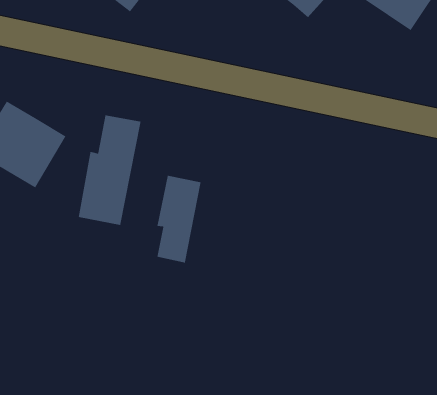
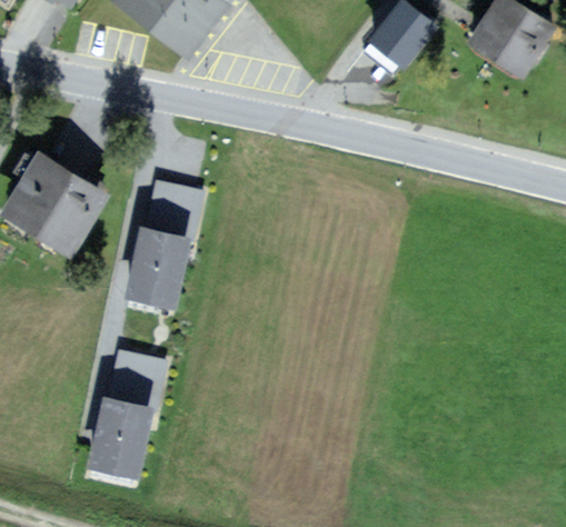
building: [156,175,202,263] -> none
building: none -> [85,342,167,476]

